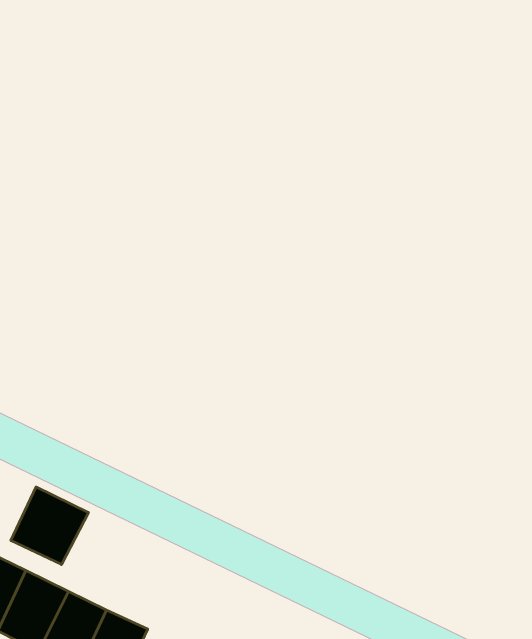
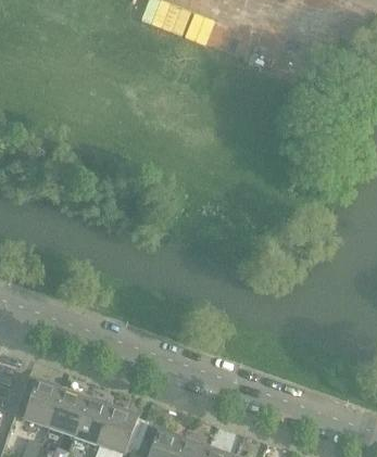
building: [11,487,88,565] -> none

